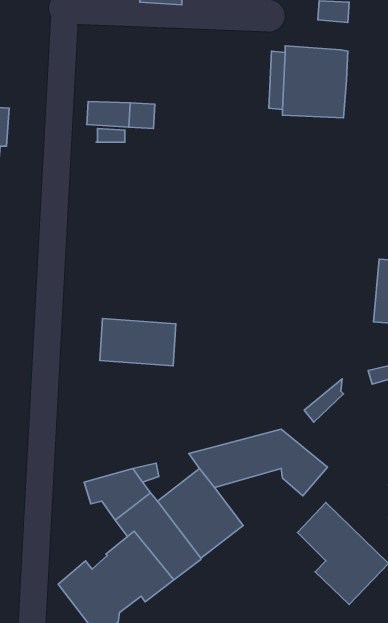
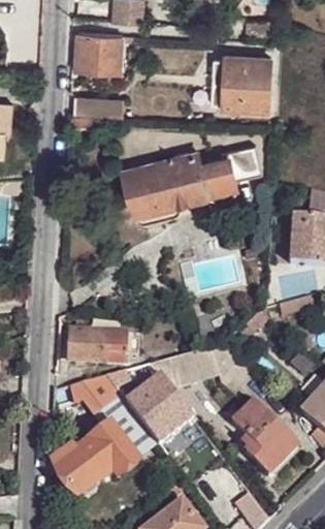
building: none -> [74,32,134,71]
building: none -> [121,144,259,214]
building: [100,318,176,366] -> [67,328,125,364]

